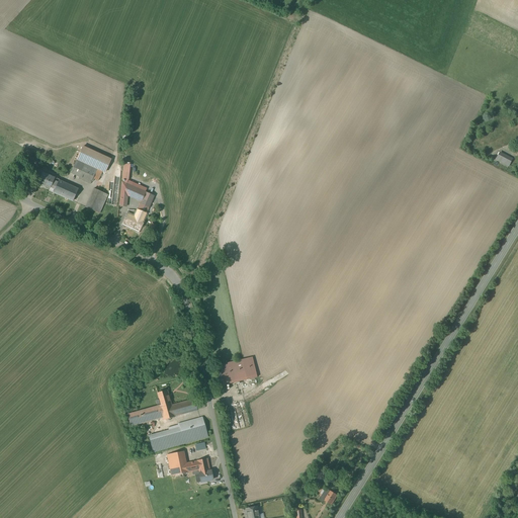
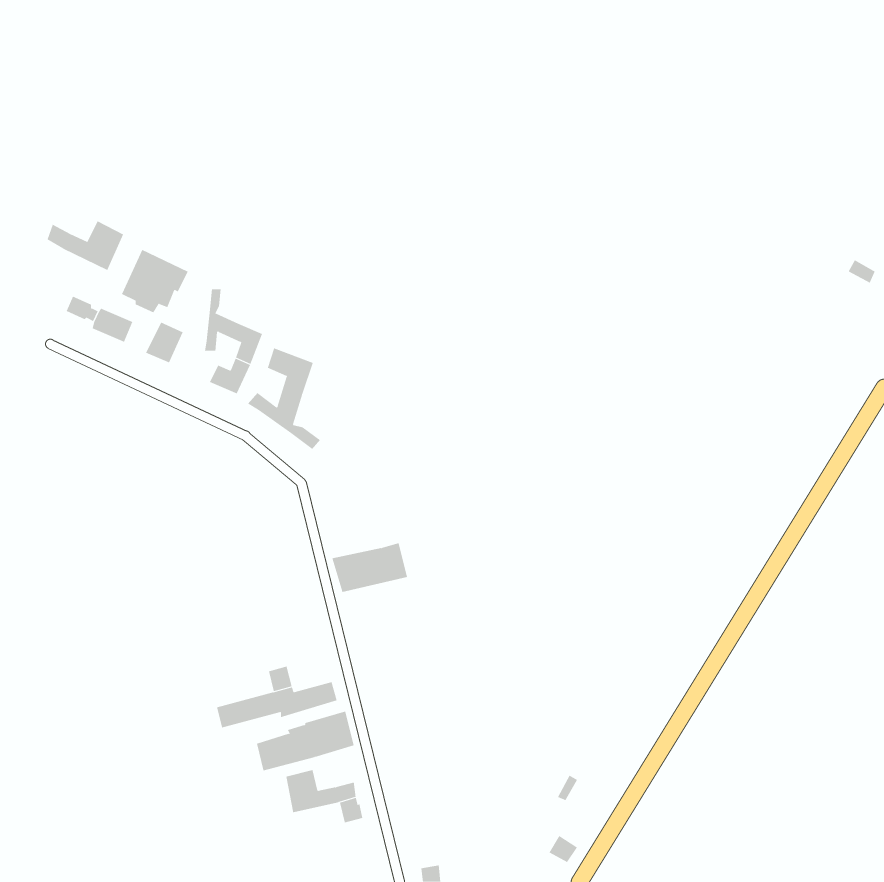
building: none -> [47,221,124,271]
building: none -> [247,348,321,450]
building: [212,356,257,385] -> [332,542,408,593]

